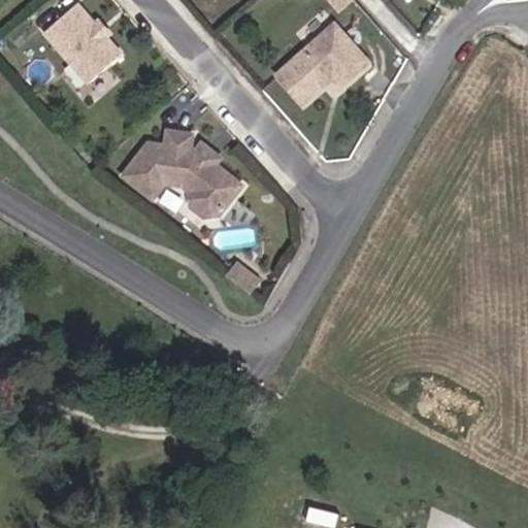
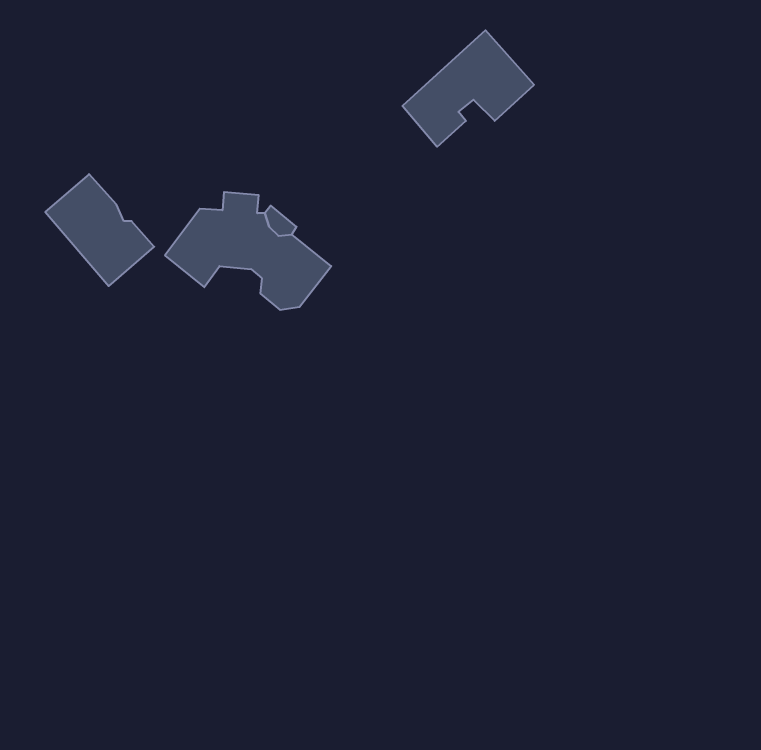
building: [44,8,119,85] -> [45,174,154,286]

